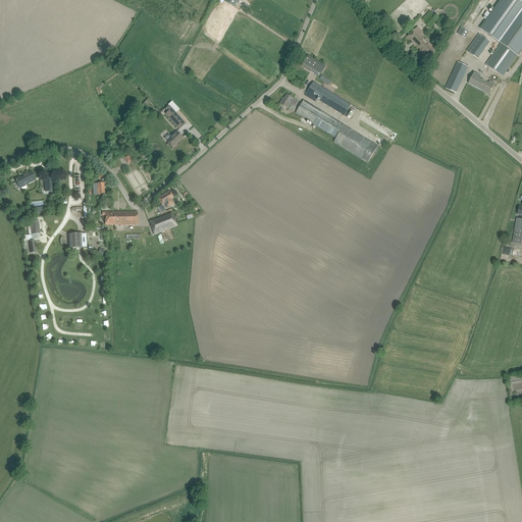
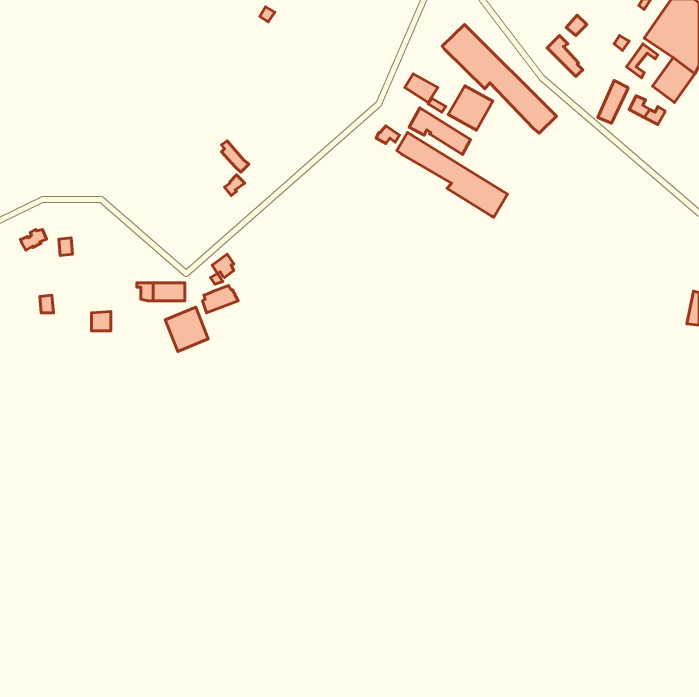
building: none -> [442,24,556,133]
building: none -> [448,86,493,130]
building: none -> [165,307,208,352]

